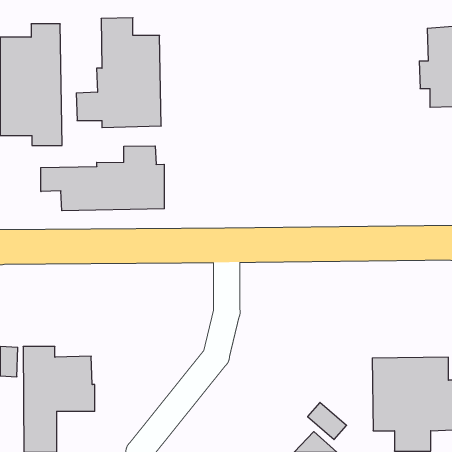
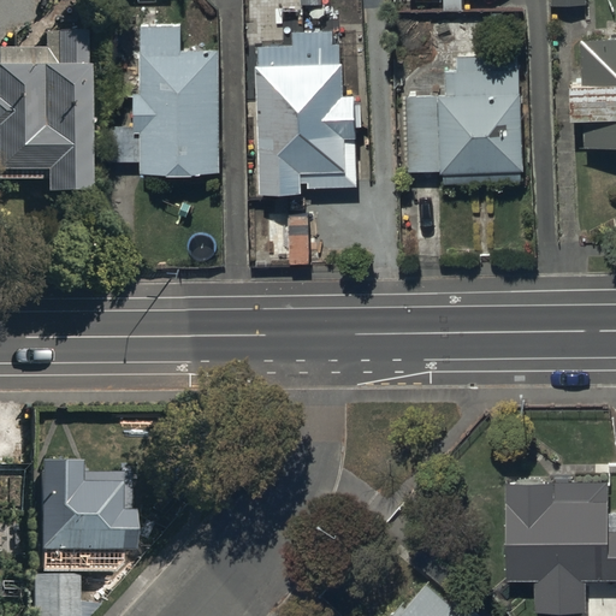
building: none -> [256,31,360,194]
building: none -> [404,54,519,180]
building: [41,146,164,211] -> none

